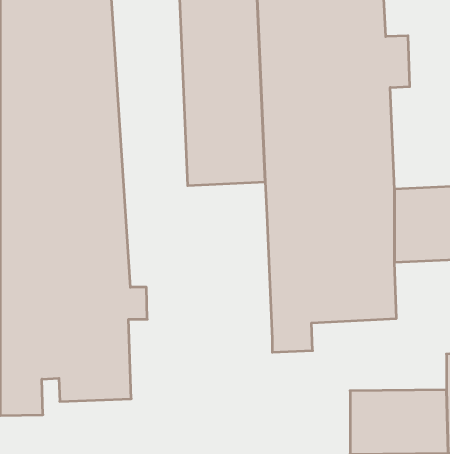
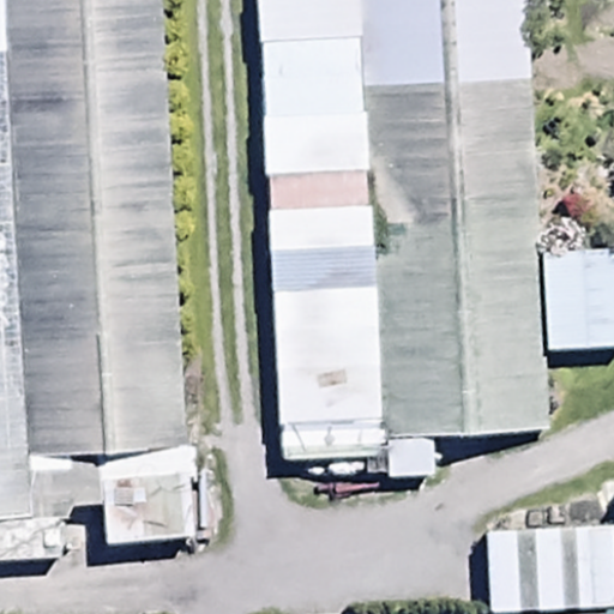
building: none -> [265,289,374,459]

